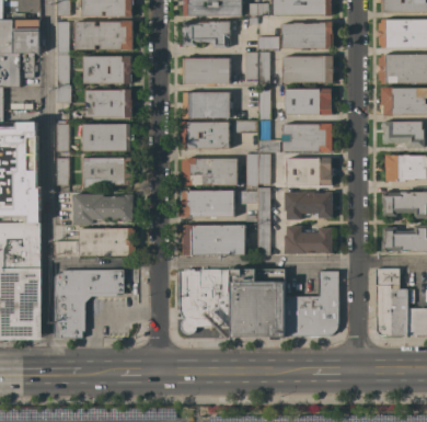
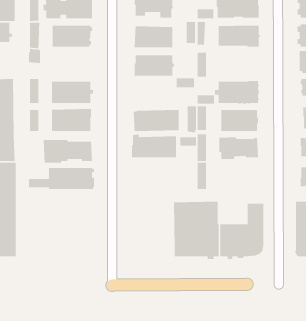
building: [286,88,333,114] -> none
building: [85,89,132,117] -> none
building: [183,122,230,149] -> none
building: [183,225,245,255] -> none
building: [285,226,333,254] -> none
building: [56,270,129,338] -> none
building: [177,270,231,335] -> none

